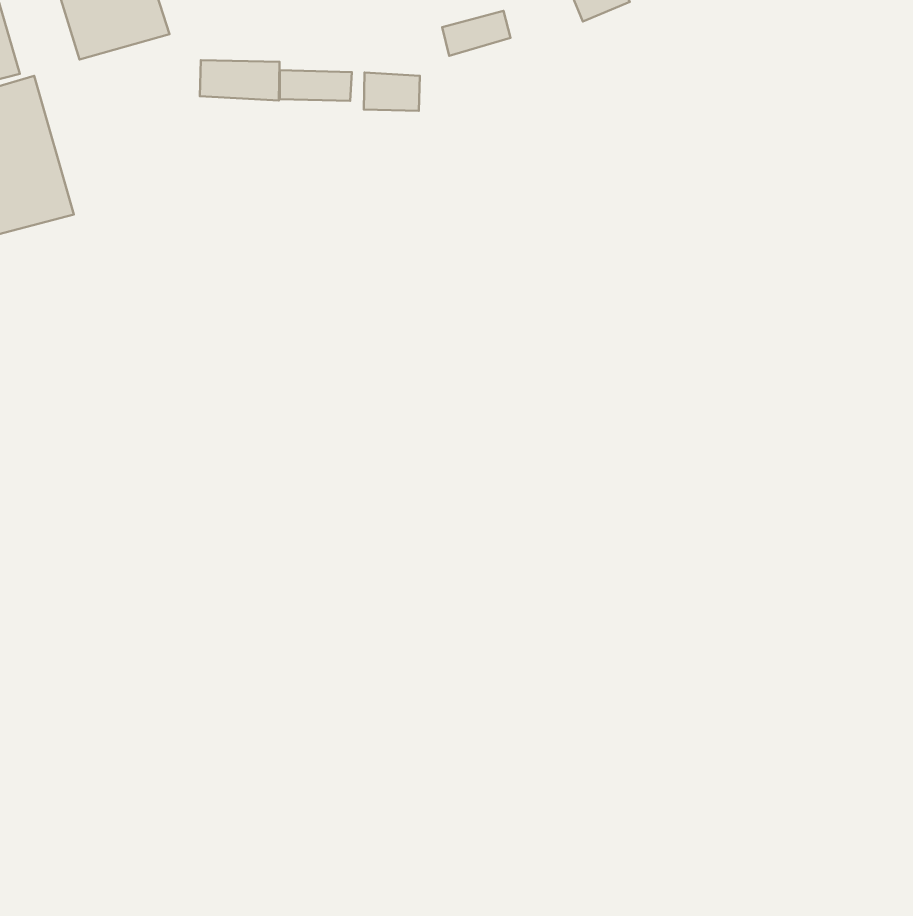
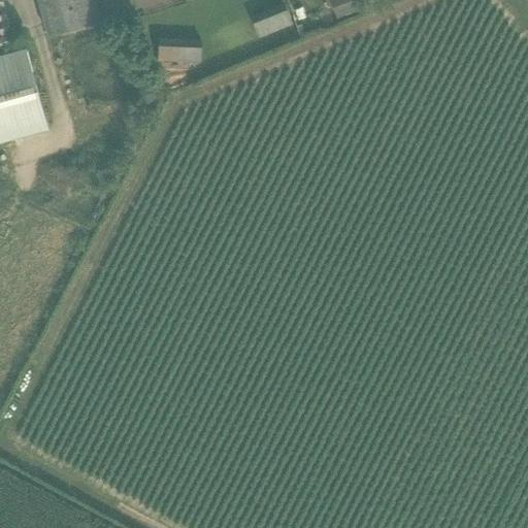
building: [200,60,279,100] -> none
building: [364,72,420,111] -> none

